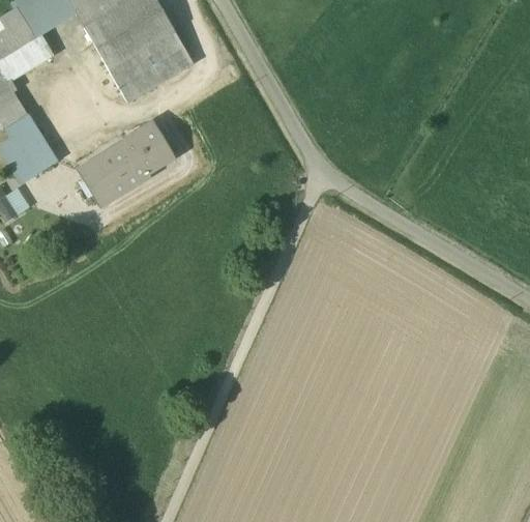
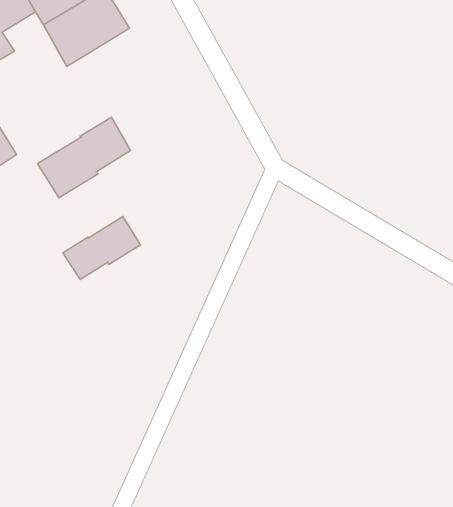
building: [108,31,190,103] -> none
building: none -> [63,216,140,279]

